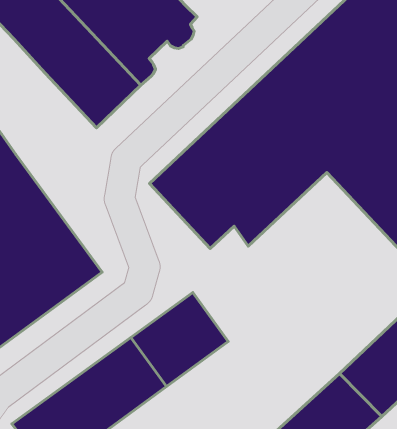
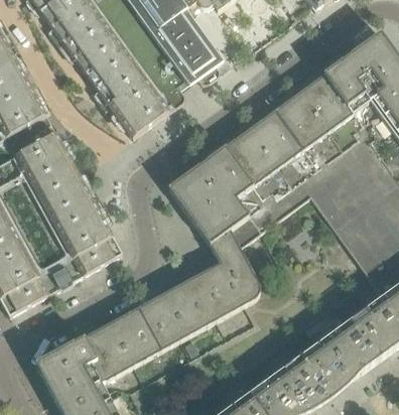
building: none -> [191,229,260,319]

